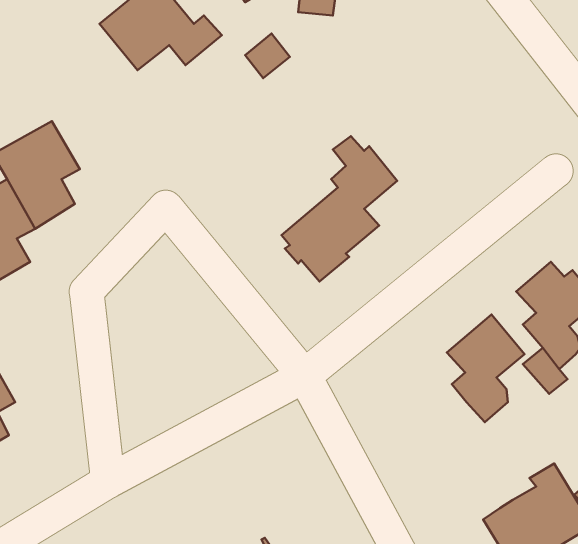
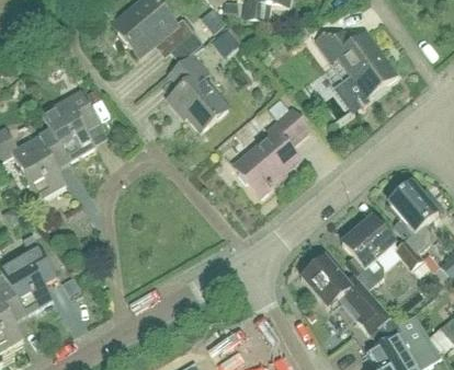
building: none -> [313,27,395,105]
building: none -> [167,50,228,129]
building: none -> [300,256,401,345]

